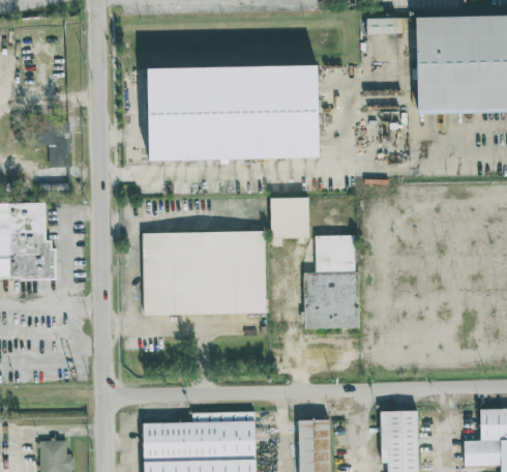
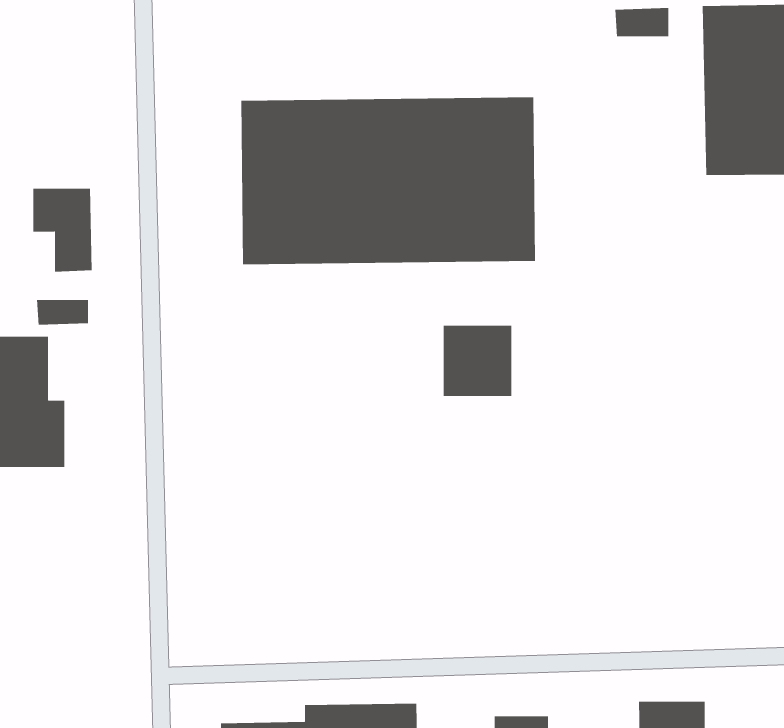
building: [142,232,266,316] -> none
building: [305,236,357,327] -> none

